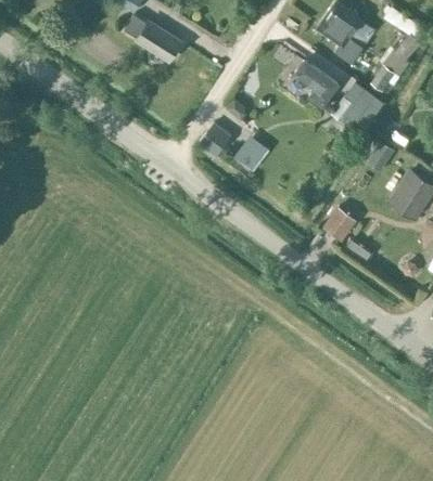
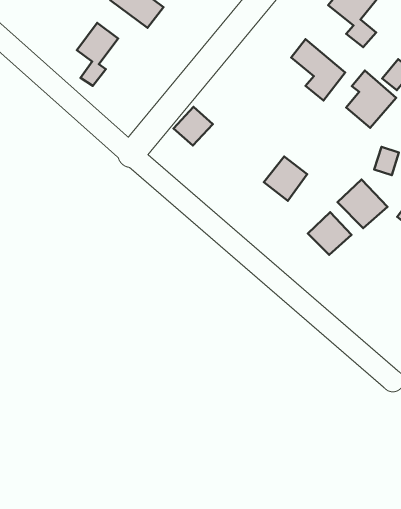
building: none -> [77,23,118,86]
building: [231,132,267,169] -> [264,157,307,201]
building: none -> [337,179,387,228]

